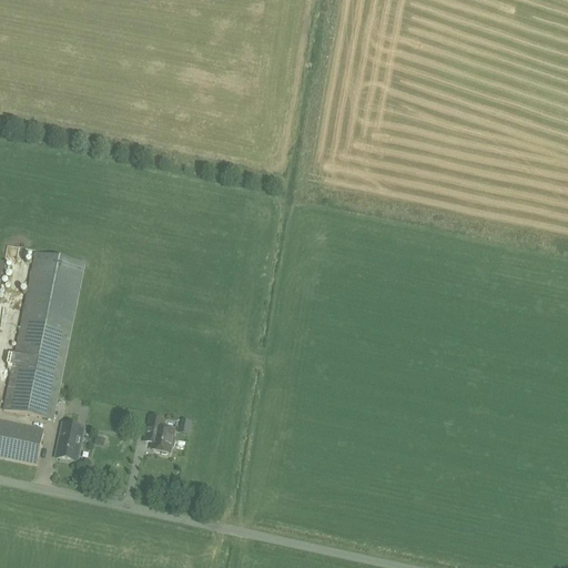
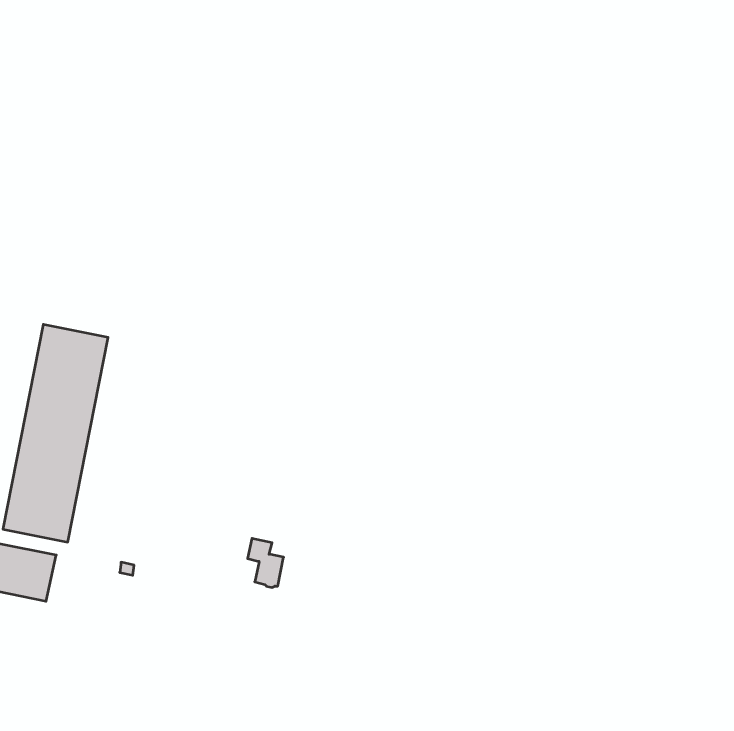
building: [144,414,172,452] -> [248,538,284,587]
building: [58,420,81,459] -> none

